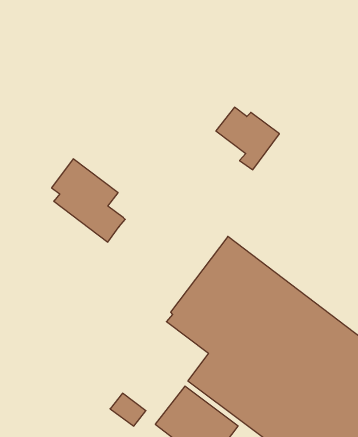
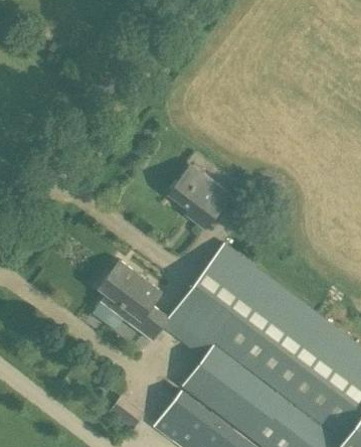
building: [216,107,279,170] -> [169,169,231,231]
building: [52,159,125,242] -> [98,260,170,341]

